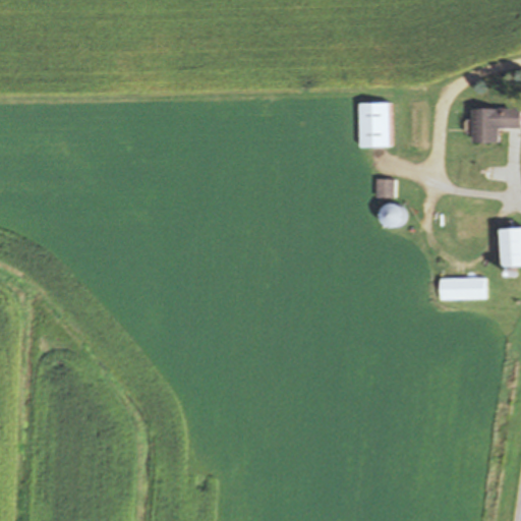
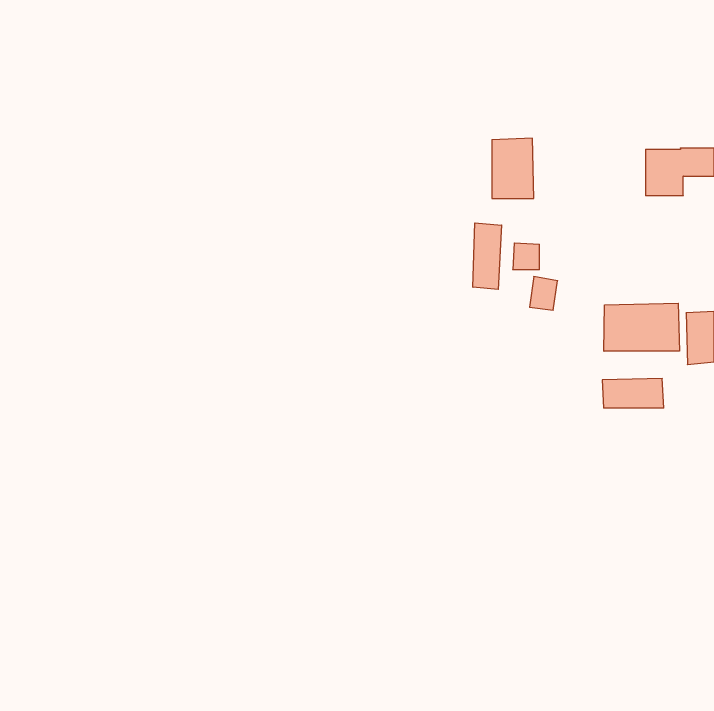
building: none -> [473,223,502,289]
building: none -> [604,303,679,351]

